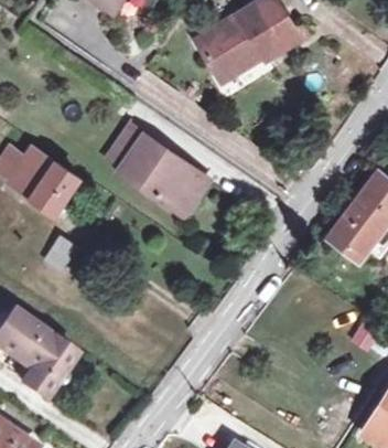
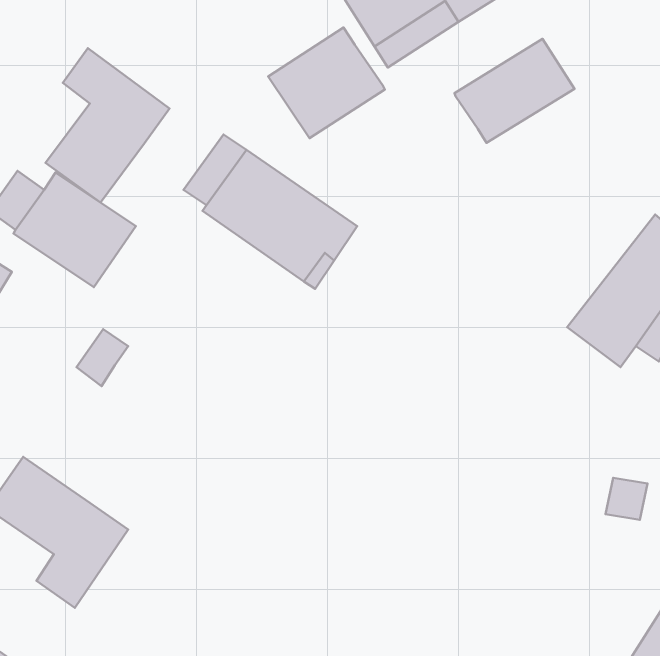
building: none -> [268,28,385,138]
building: none -> [454,39,574,143]
building: none -> [46,48,169,202]

